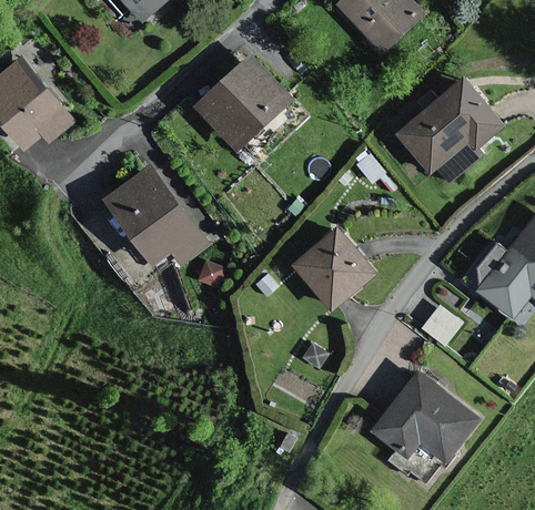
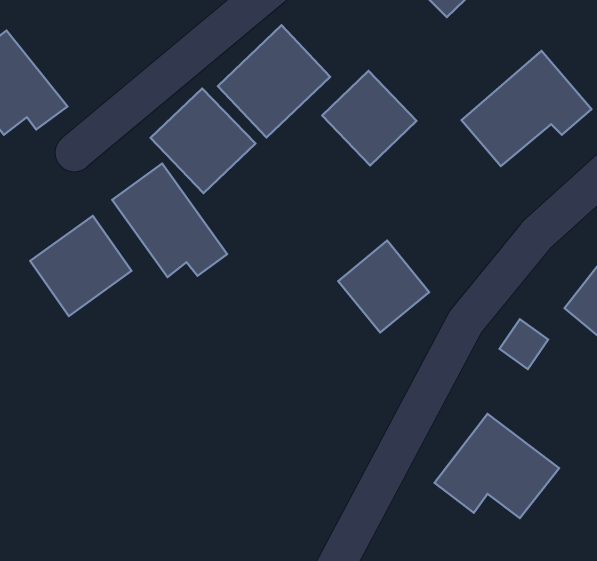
building: none -> [322,71,417,166]
building: none -> [150,88,255,193]
building: none -> [30,216,132,316]

